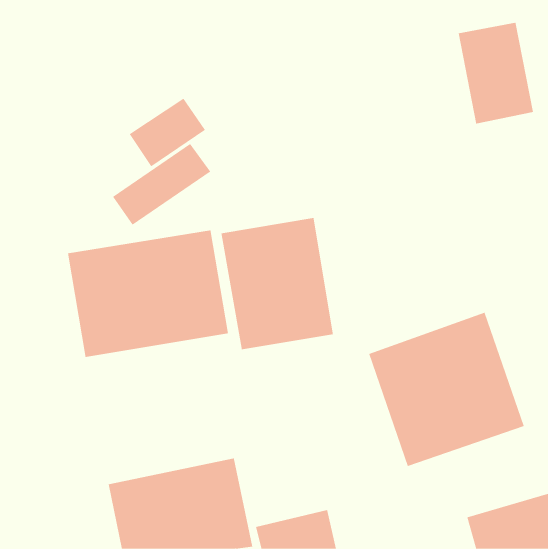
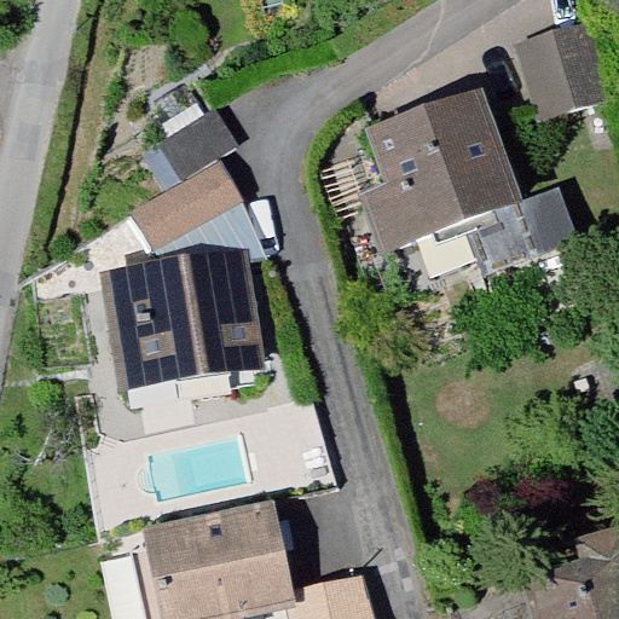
building: none -> [351,88,592,285]
building: [221,217,334,350] -> none
building: [368,312,524,467] -> none

